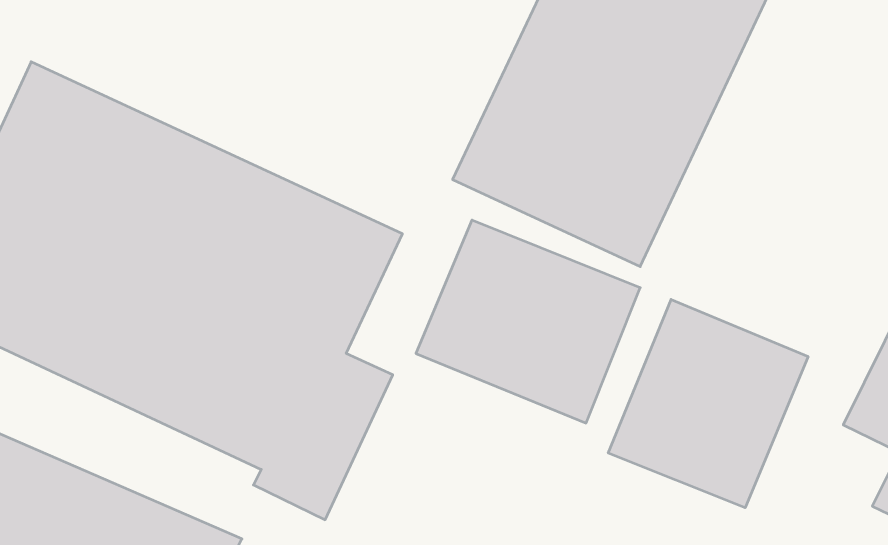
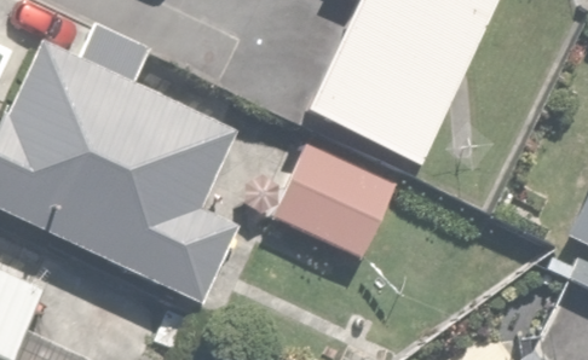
building: [608,299,808,508] -> none

